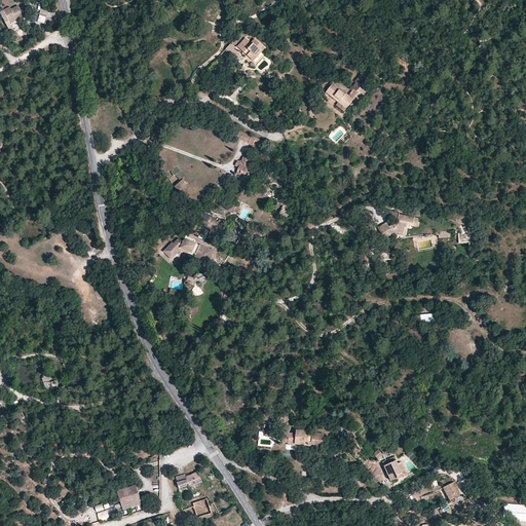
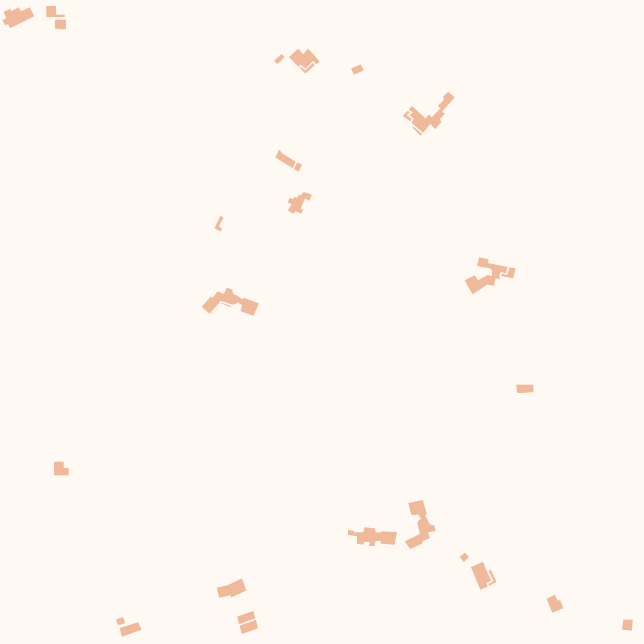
building: none -> [403,499,436,550]
building: [115,484,145,510] -> none

